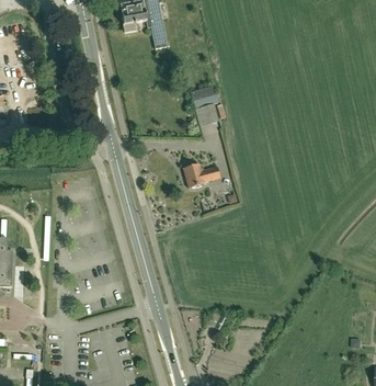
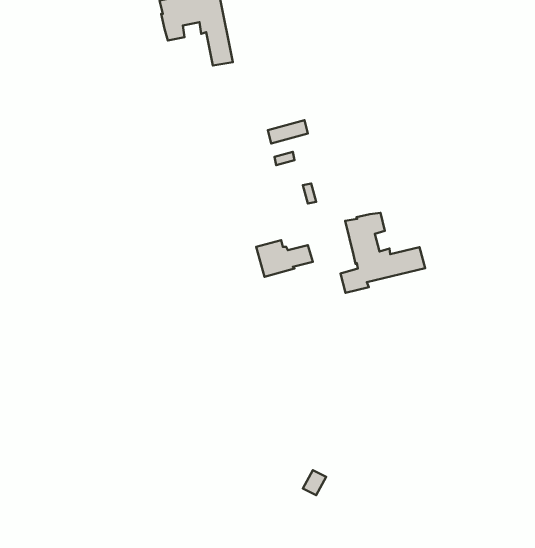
building: none -> [340,213,425,293]

